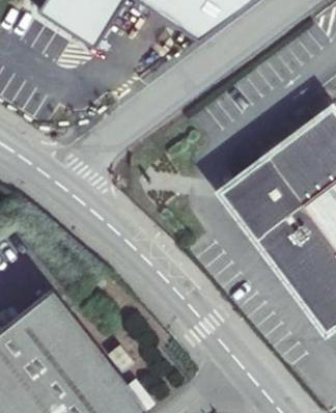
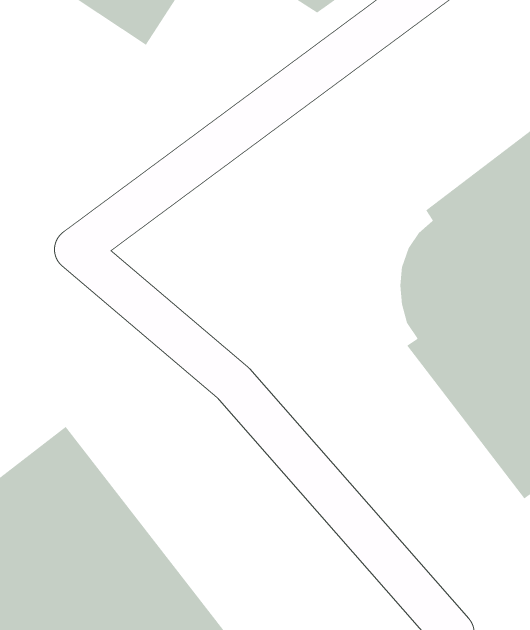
building: [218,156,269,238] -> none

